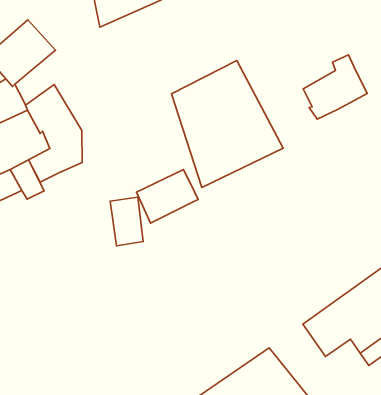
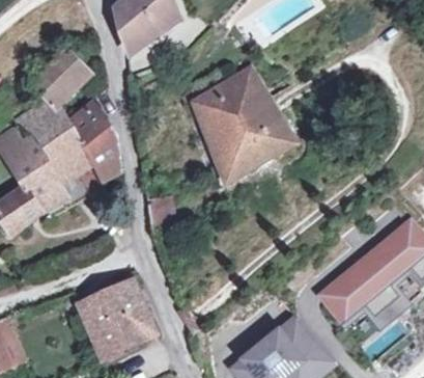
building: [303,55,367,119] -> none
building: [136,169,198,223] -> none
building: none -> [76,279,152,355]

